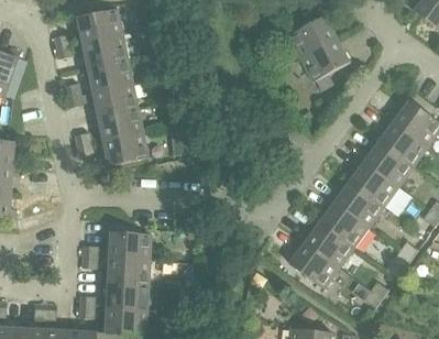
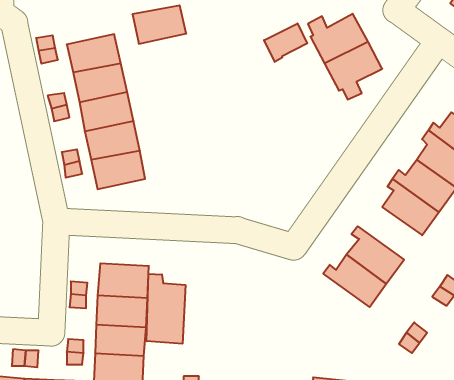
building: [74,9,120,42] -> [132,5,186,44]
building: none -> [264,23,307,62]
building: [329,182,384,227] -> none
building: [289,239,339,288] -> none
building: none -> [147,274,185,344]

